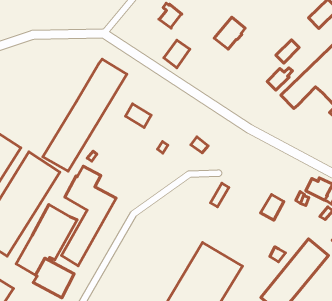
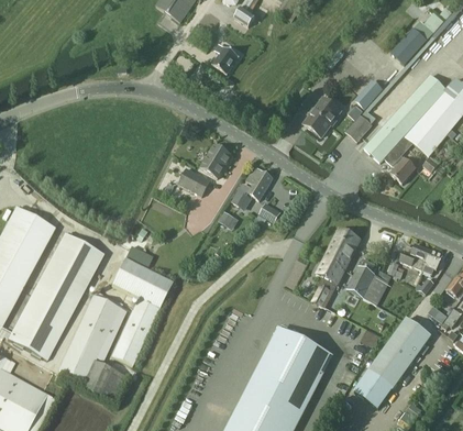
building: [214,17,245,49] -> [304,97,340,135]
building: [164,40,190,68] -> [200,144,231,177]
building: [43,59,127,171] -> none
building: none -> [384,134,415,183]
building: none -> [232,166,272,206]
building: none -> [316,228,360,307]
building: none -> [363,268,390,303]

